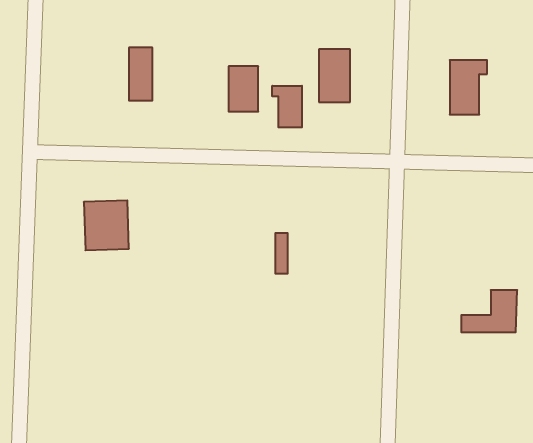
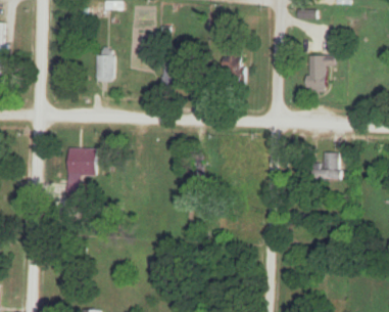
building: [272,86,302,127] -> none
building: [461,290,517,332] -> [302,152,339,180]

